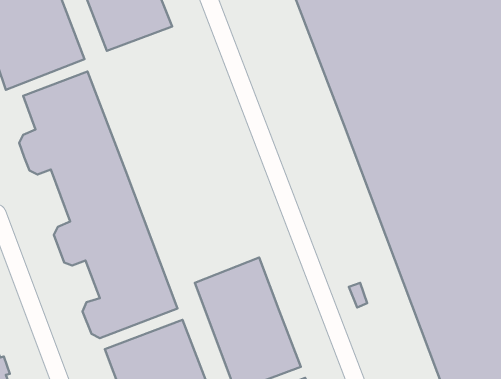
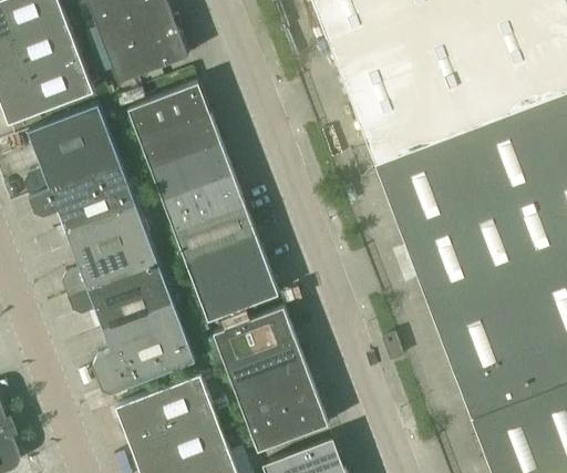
building: none -> [128,84,279,321]

